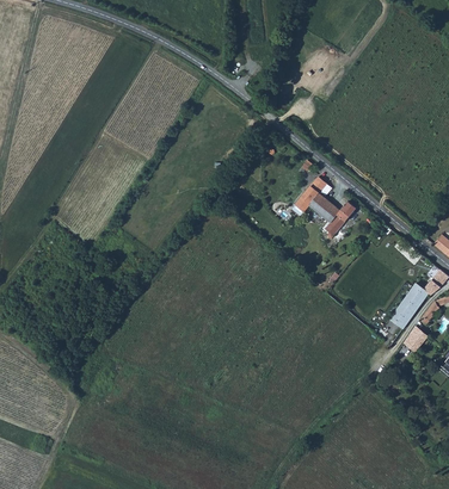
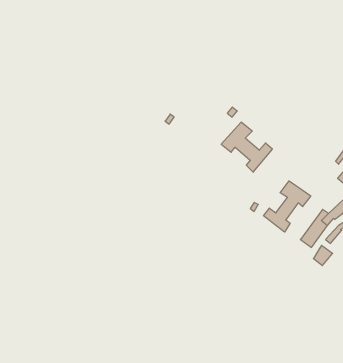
building: none -> [264,181,311,232]

